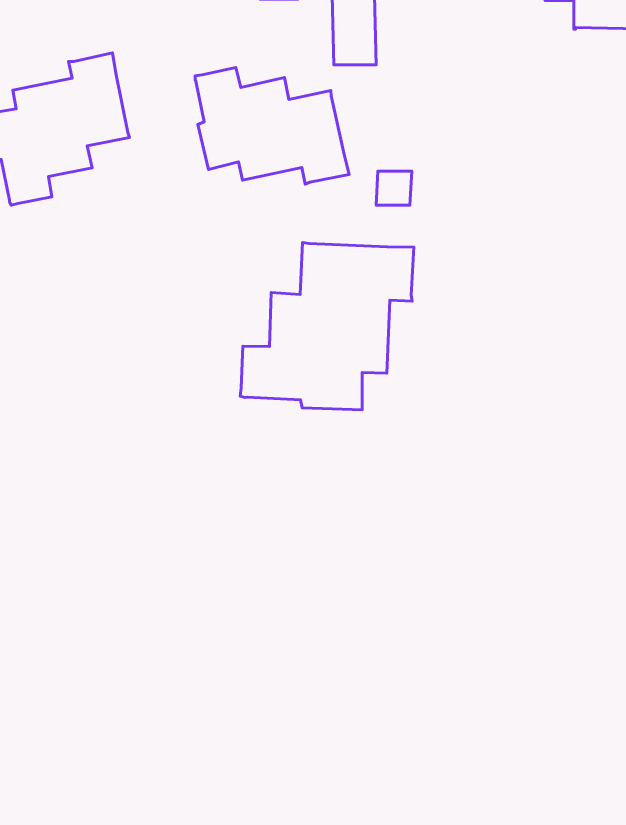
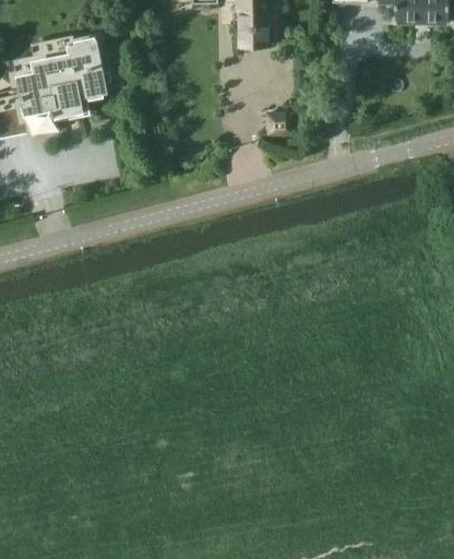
building: [195,68,349,184] -> none
building: [240,242,414,410] -> none

